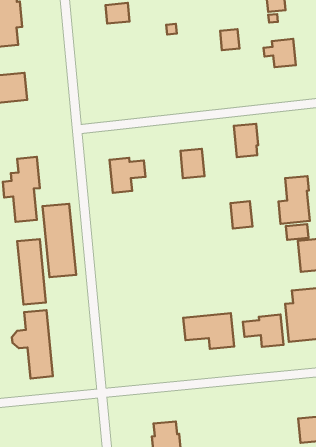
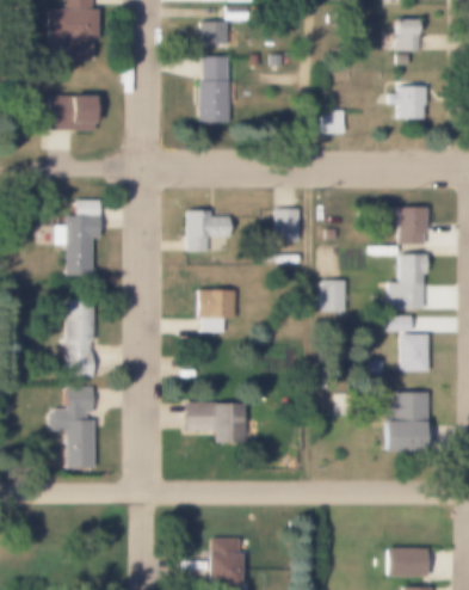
building: [220,29,239,50] -> [322,110,344,134]
building: none -> [198,56,229,123]
building: [234,124,258,157] -> [399,207,426,245]
building: [43,204,76,277] -> none
building: none -> [198,289,236,332]
building: [183,313,234,349] -> [186,402,245,443]
building: [243,315,284,347] -> none

